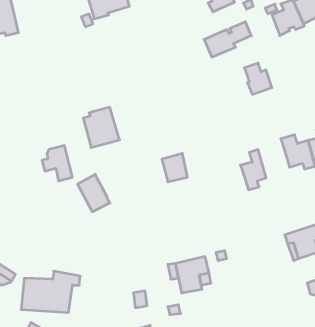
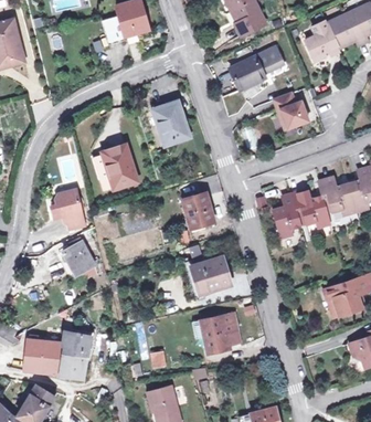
building: none -> [155,102,191,147]
building: none -> [293,188,330,226]
building: [78,174,110,212] -> [62,239,98,281]
building: none -> [194,247,234,294]

